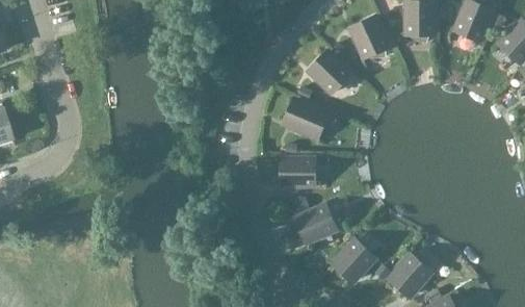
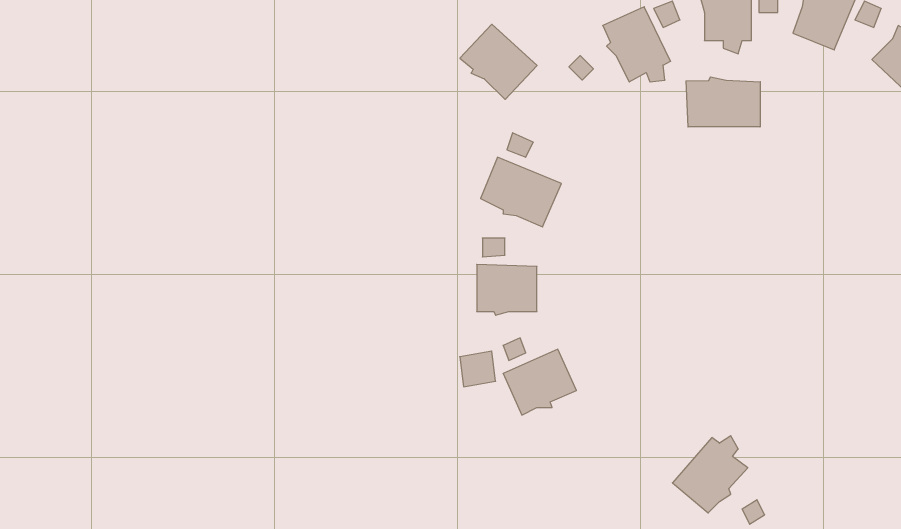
building: [307,52,349,94] -> [460,24,537,99]
building: none -> [686,77,760,127]
building: [332,240,373,282] -> none

